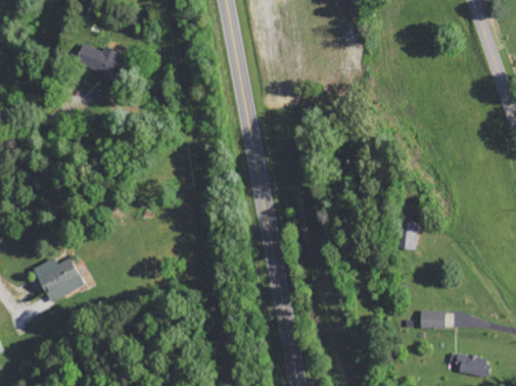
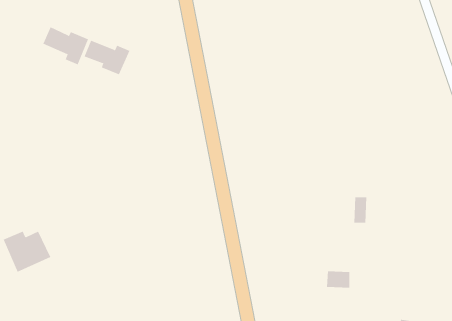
building: none -> [84,40,130,75]
building: [420,310,445,329] -> [326,271,350,288]

